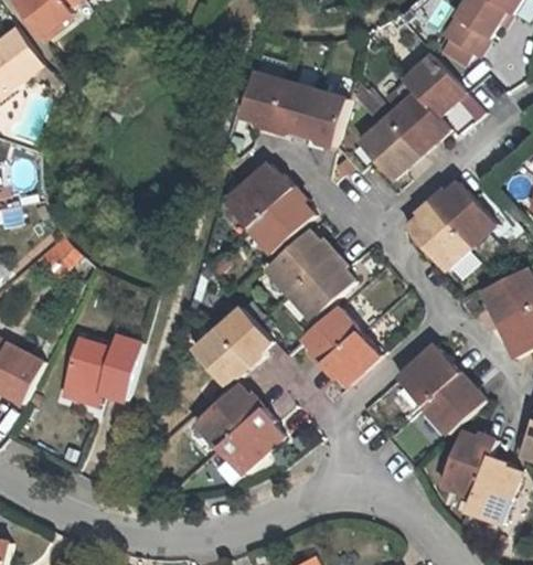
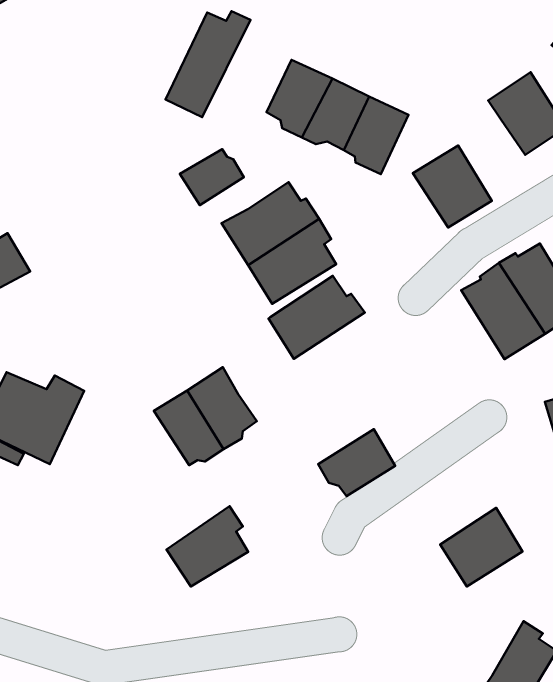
building: none -> [165,11,251,117]
building: [386,93,448,153] -> none
building: none -> [180,149,244,205]
building: [291,249,353,315] -> none
building: [303,308,358,365] -> none
building: [393,348,456,409] -> none
building: [198,384,262,445] -> none
building: [437,431,495,499] -> none

